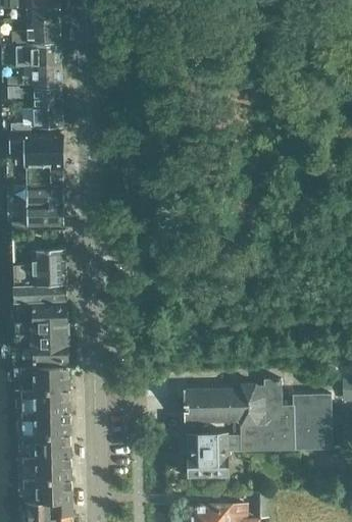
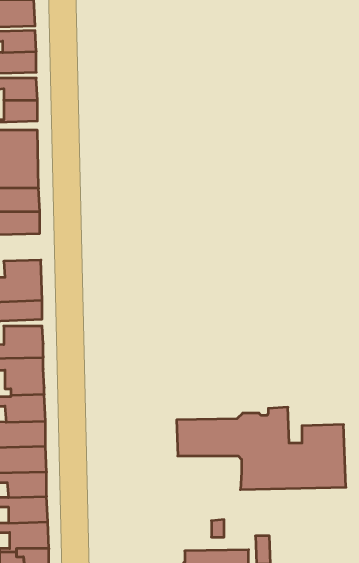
building: [188,434,240,475] -> none

